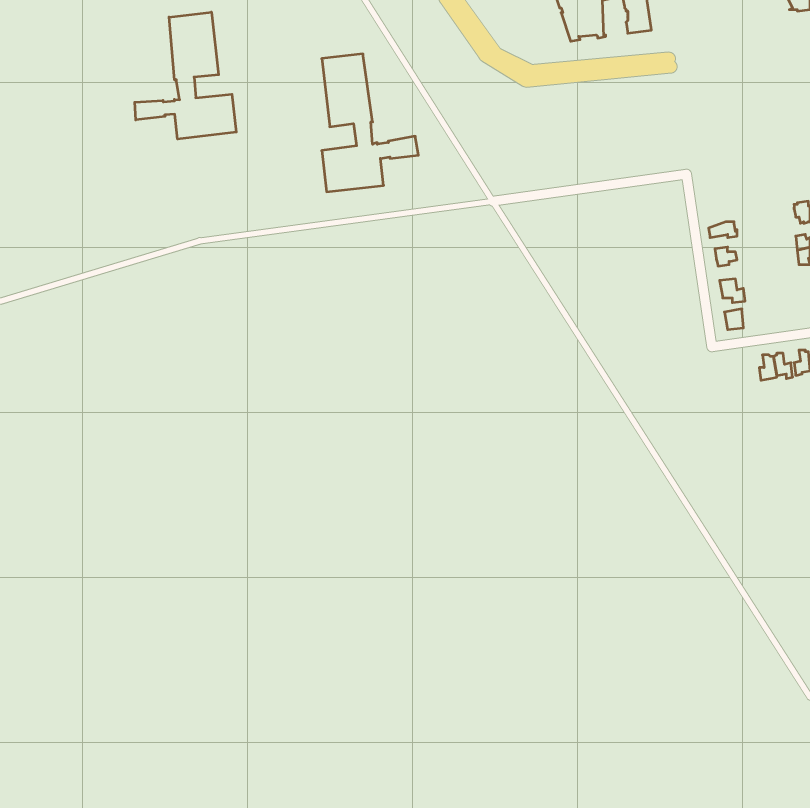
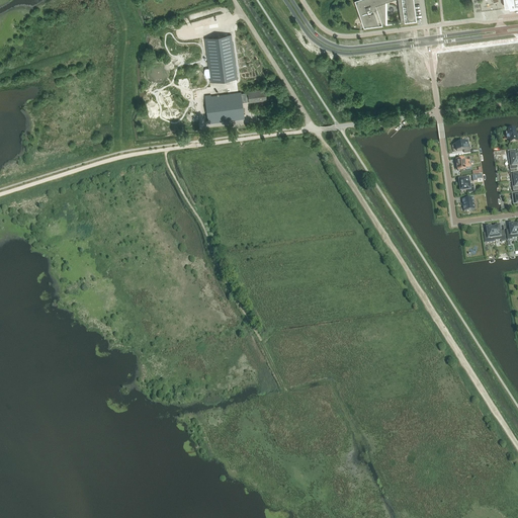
building: [135,12,236,139] -> none

